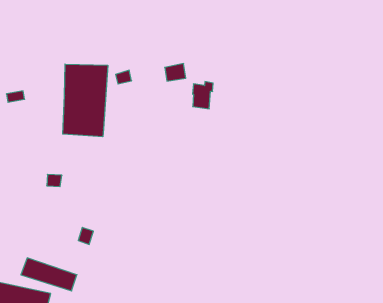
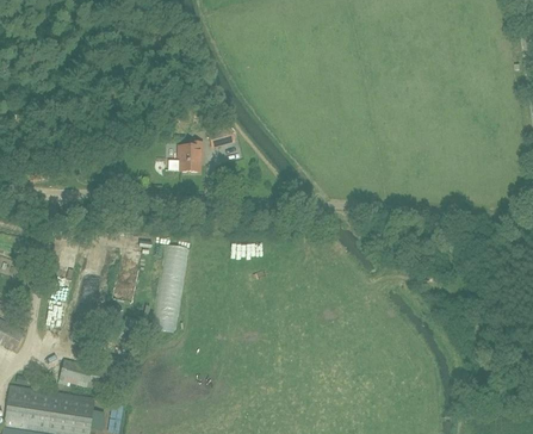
building: [63,64,108,137] -> none
building: [193,82,213,109] -> [179,142,202,173]

